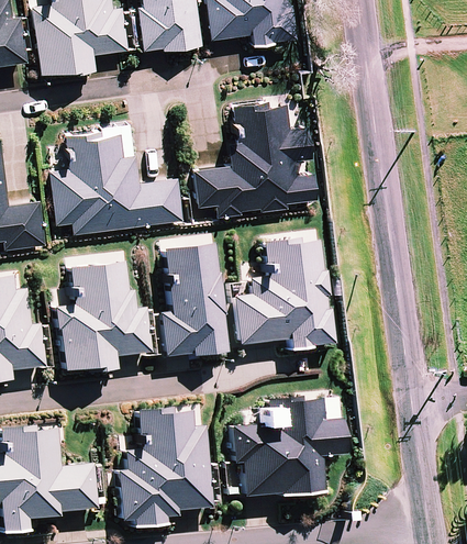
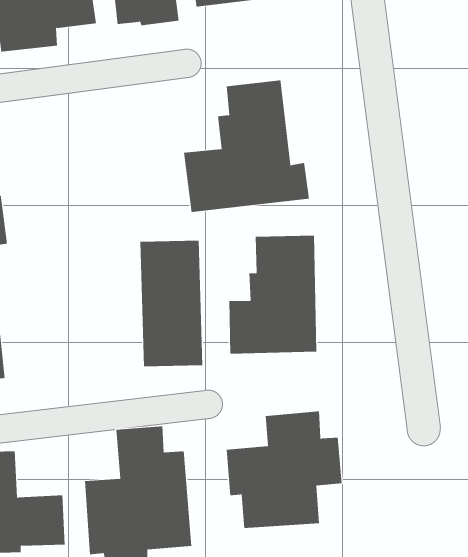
building: [53,131,184,234] -> none
building: [59,260,147,367] -> none

